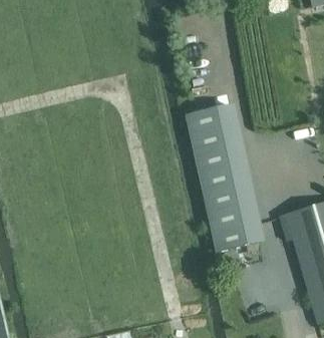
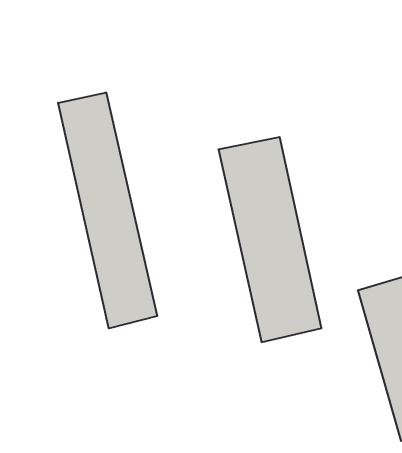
building: none -> [58,92,157,328]

